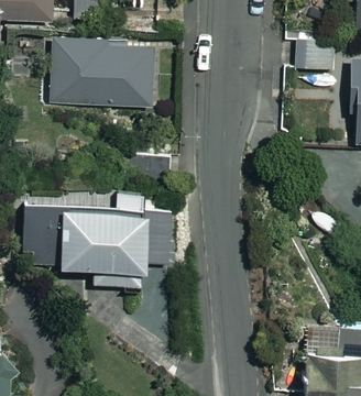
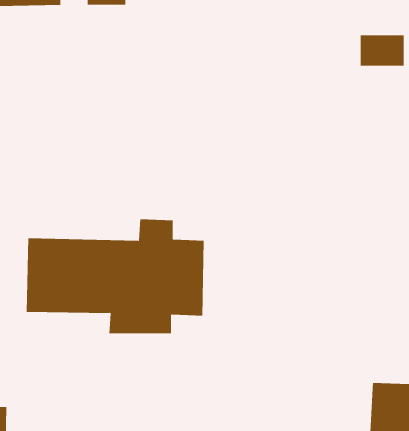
building: [53,36,153,104] -> none

